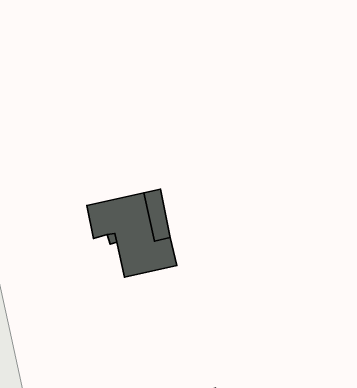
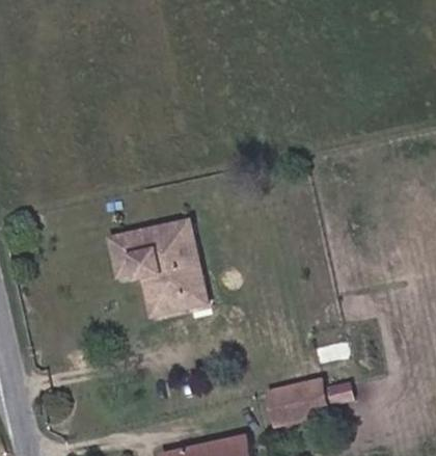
building: none -> [269,378,330,425]

